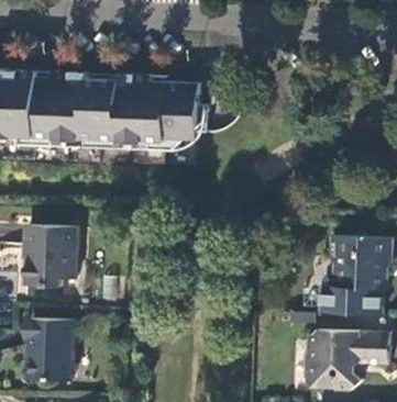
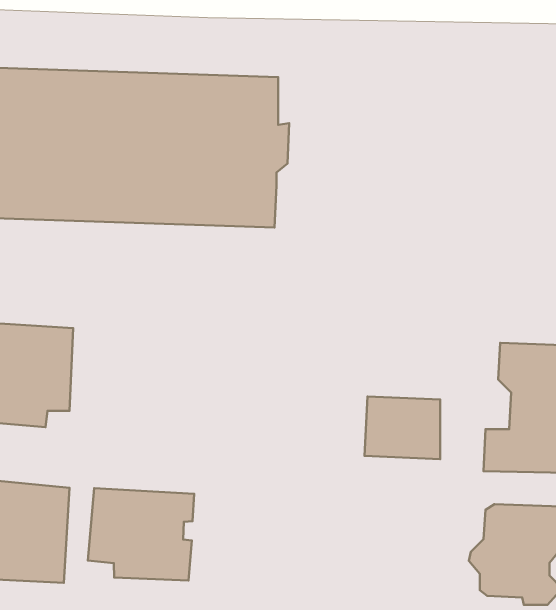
building: none -> [365,397,440,459]
building: none -> [88,488,194,580]

